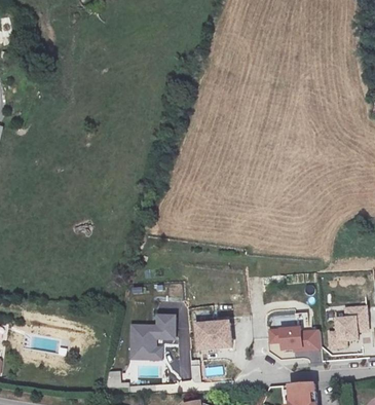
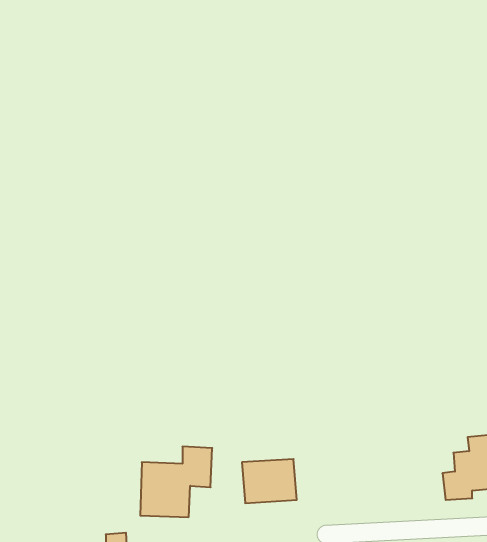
building: [268,327,321,353] -> none

